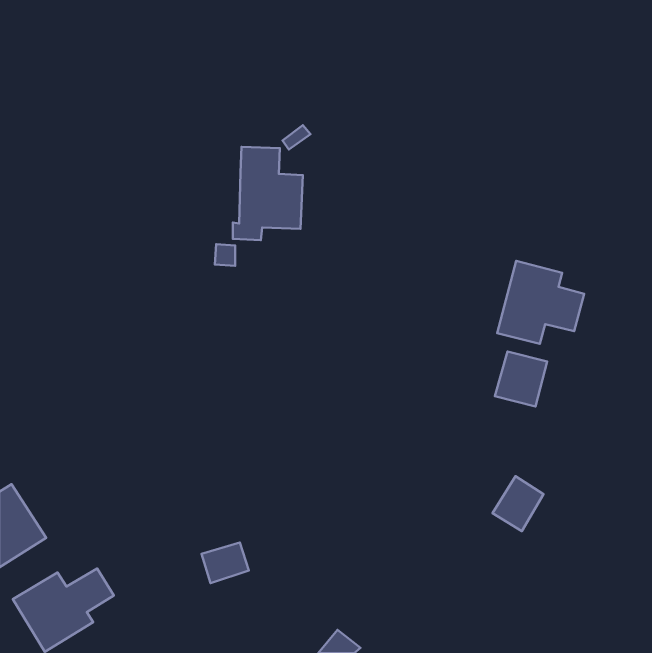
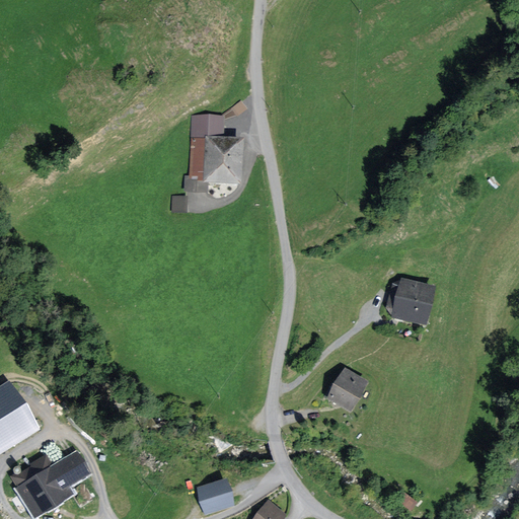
building: [497,261,584,344] -> none
building: [492,476,544,531] -> [326,368,367,412]
building: [202,542,249,583] -> [197,480,234,513]

